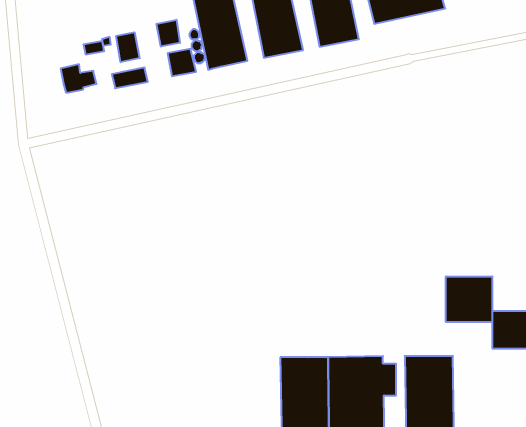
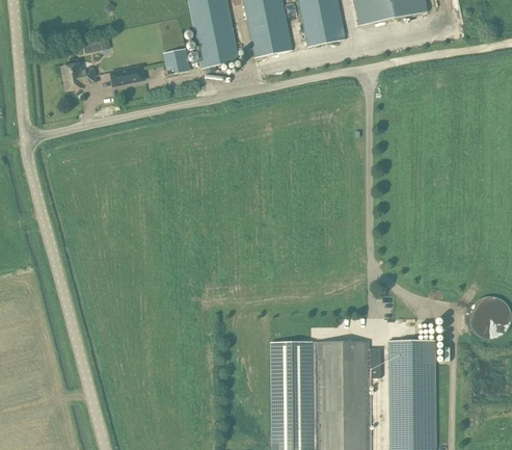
building: [157,20,180,47] -> none
building: [116,32,140,62] -> none
building: [446,276,492,322] -> none

